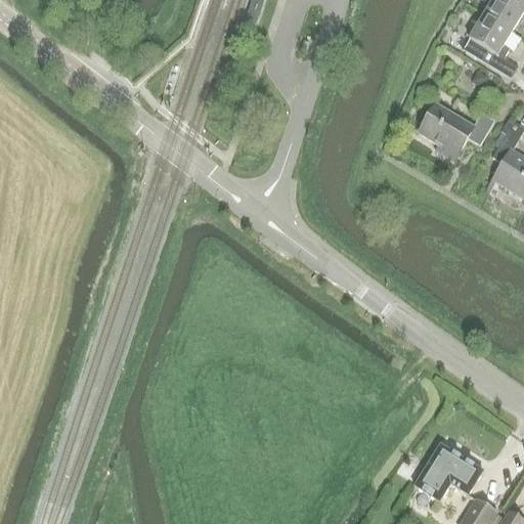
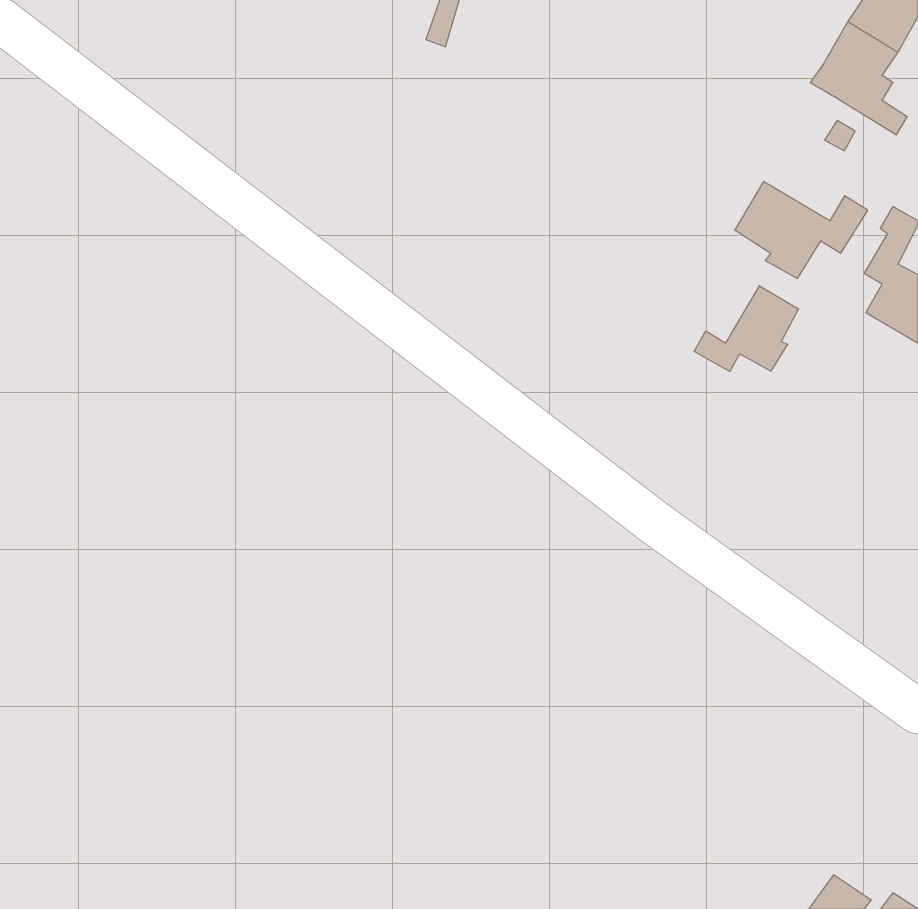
building: none -> [694,286,799,371]
building: [414,443,483,500] -> none

